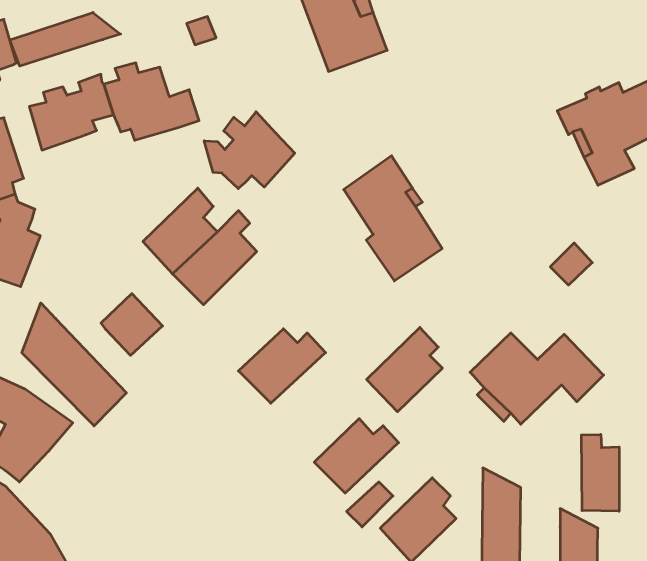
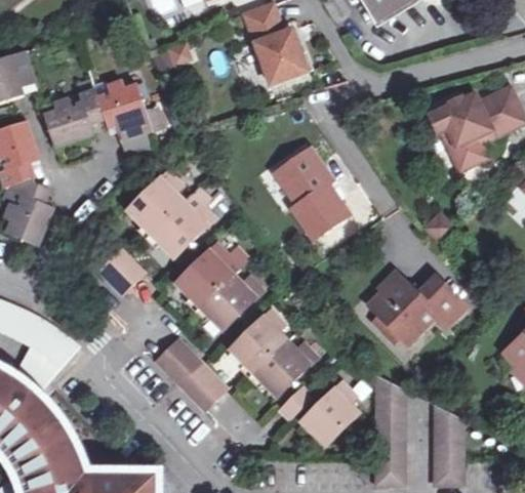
building: [10,12,121,66] -> none
building: [204,112,295,189] -> none
building: none -> [176,244,231,305]
building: [22,303,126,426] -> none
building: [367,327,442,412] -> [231,311,286,372]
building: none -> [155,338,225,409]
building: [581,434,619,511] -> none

